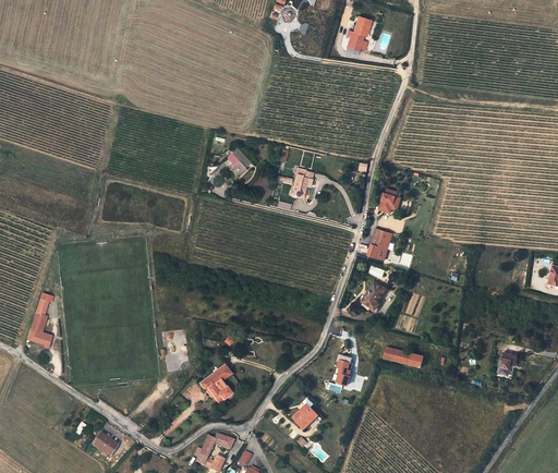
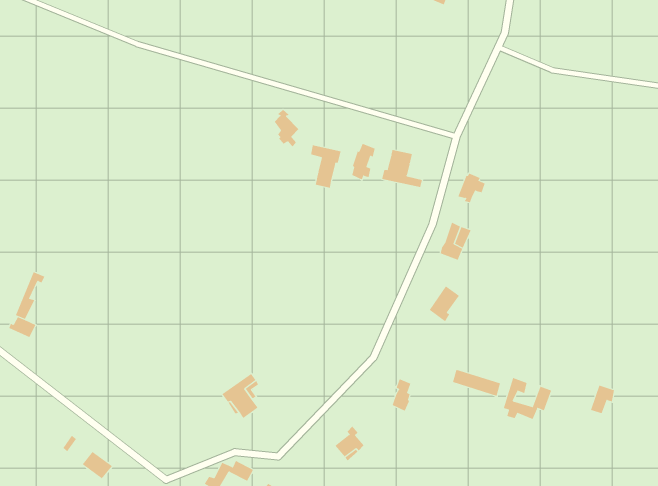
building: none -> [382,149,422,188]
building: none -> [310,144,341,189]
building: none -> [503,377,552,420]

